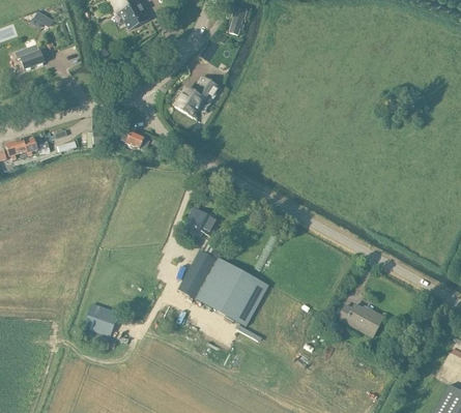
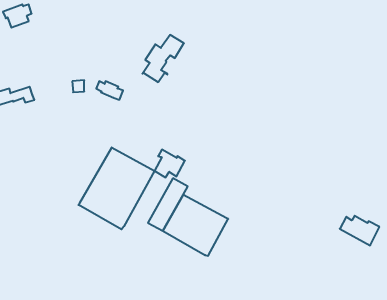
building: none -> [78,147,154,229]
building: [83,302,119,336] -> none
building: [339,304,383,337] -> [340,216,379,245]

